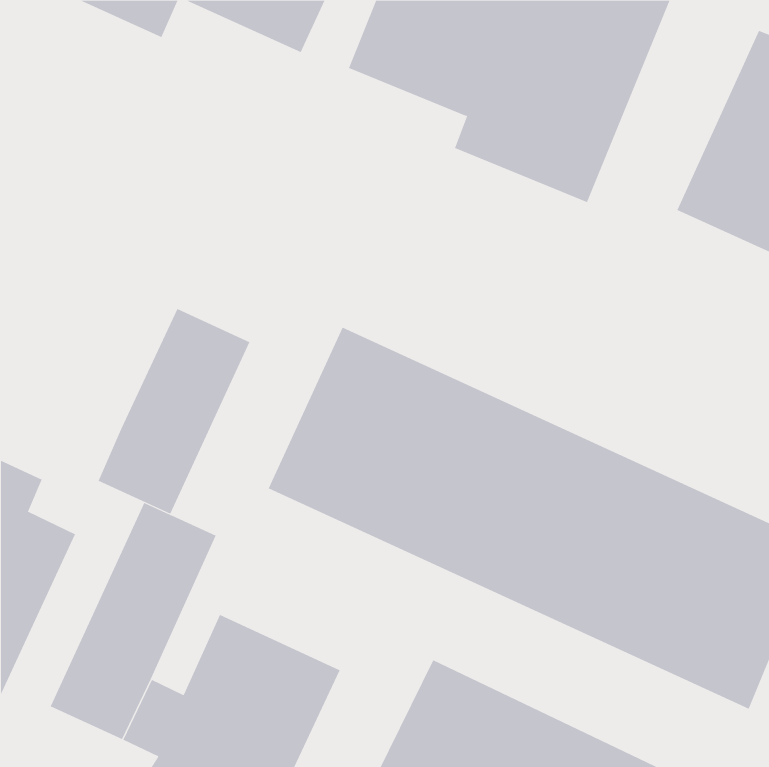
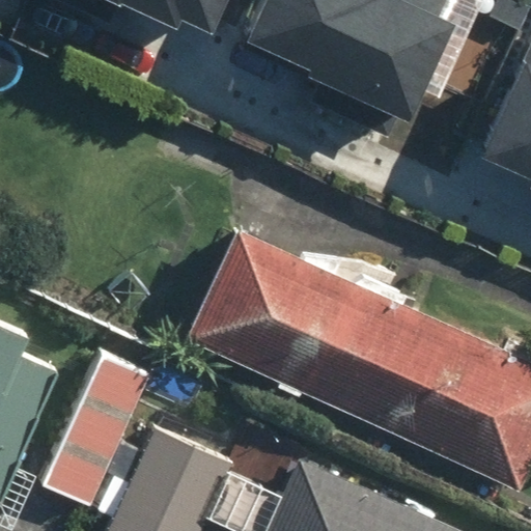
building: [98,308,250,515] -> none

